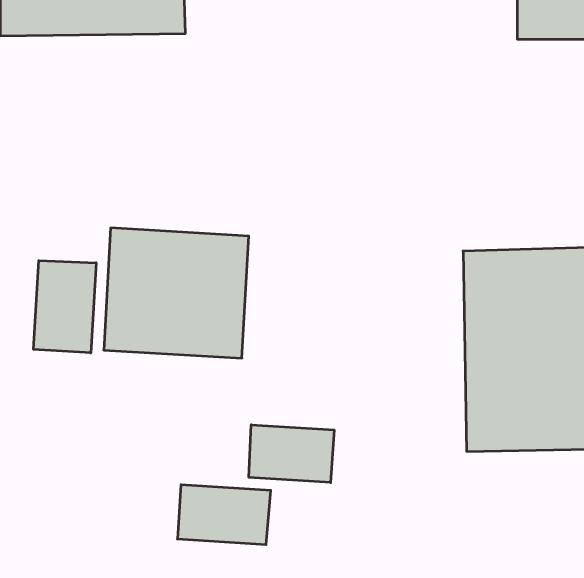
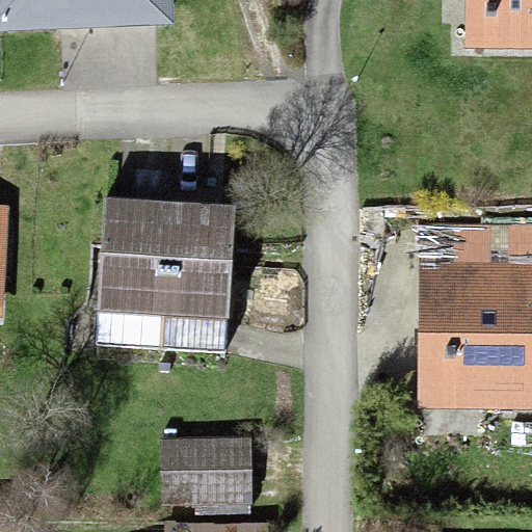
building: [34,261,96,353] -> none
building: [249,425,334,483] -> none

